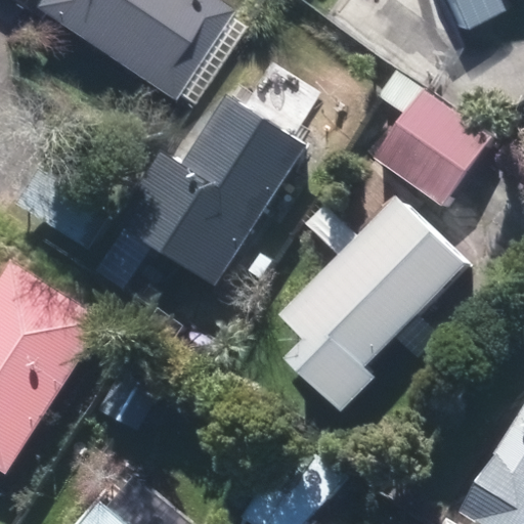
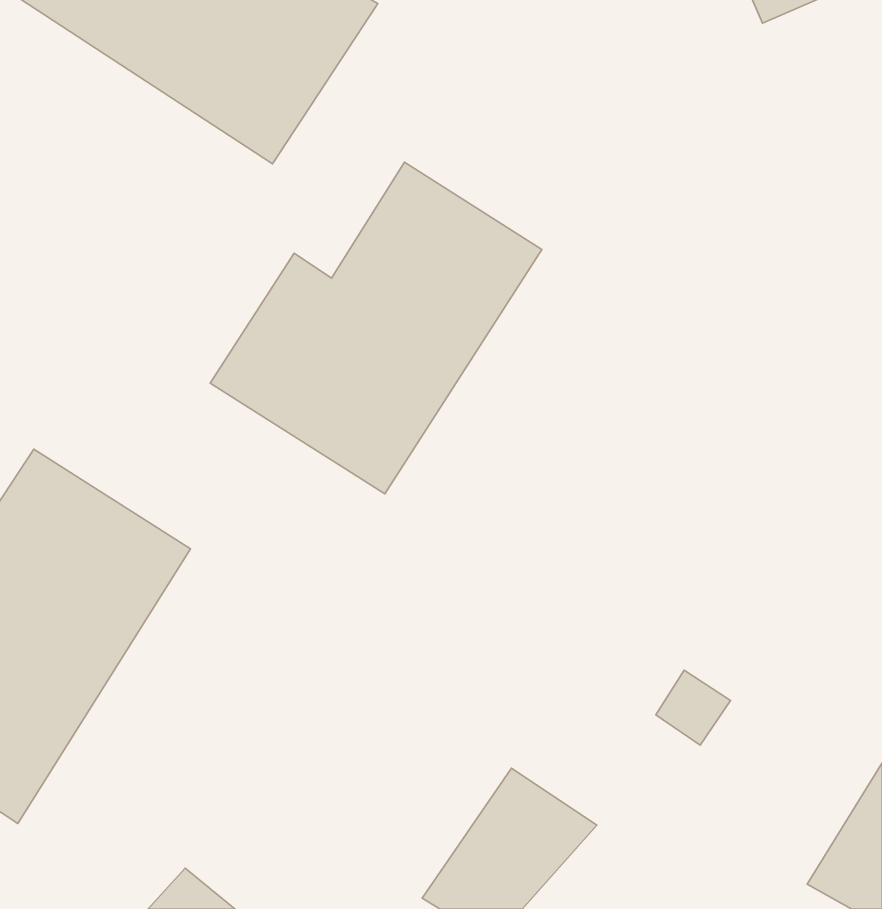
building: [378,88,492,202] -> none
building: [289,198,470,408] -> none

